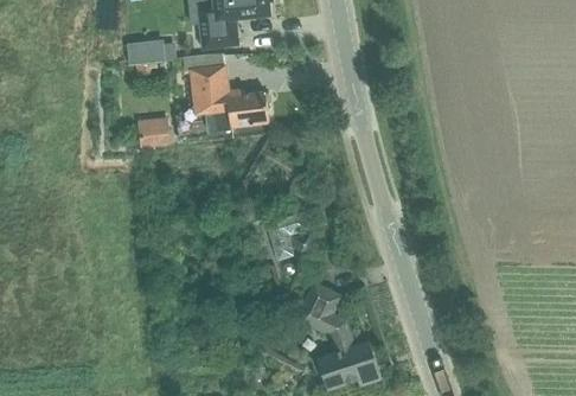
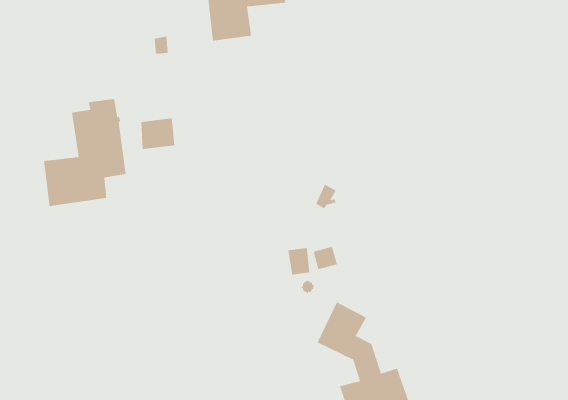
building: [181,53,268,132] -> none
building: none -> [44,98,126,207]

